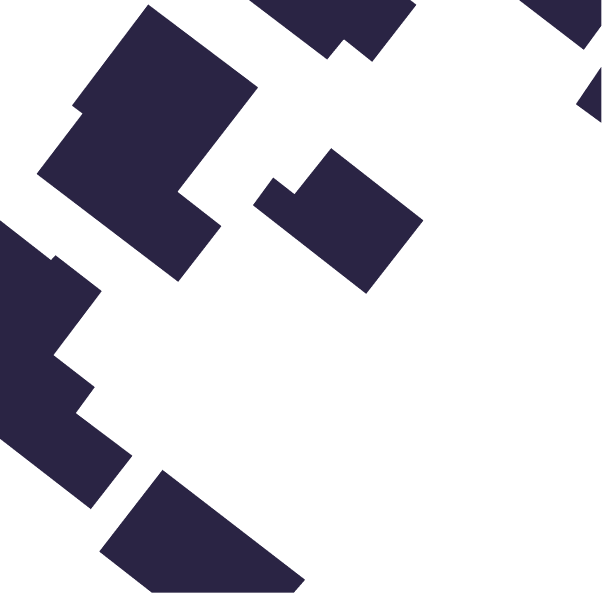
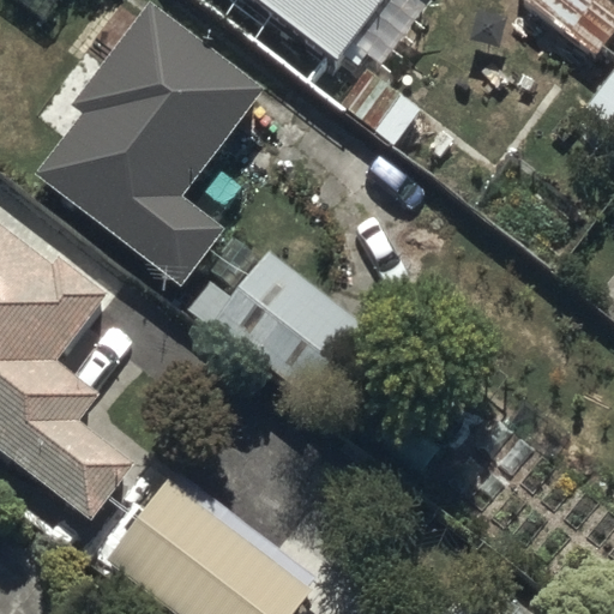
building: [252,147,424,295] -> [186,246,361,396]

